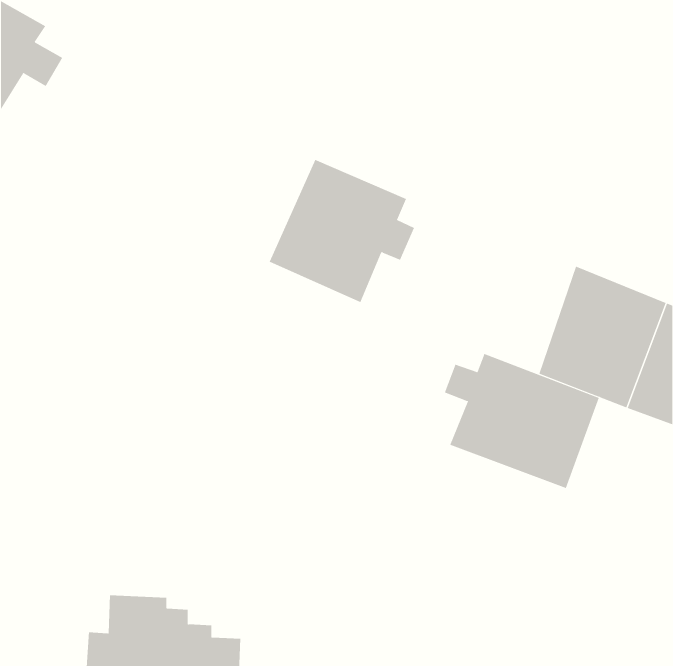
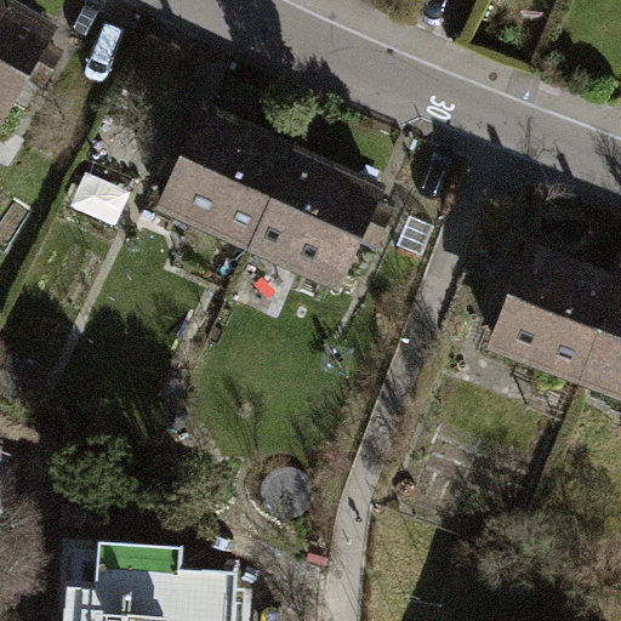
building: none -> [164,115,290,247]
building: [444,353,600,489] -> none

